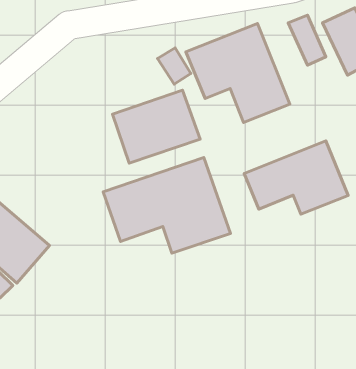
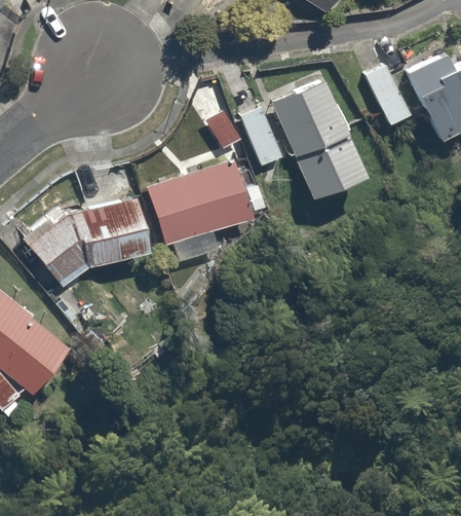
building: none -> [28,192,149,284]
building: [244,141,348,214] -> none
building: [103,157,231,253] -> none

